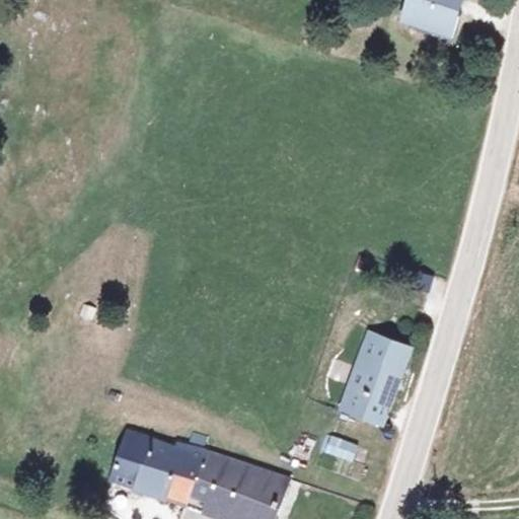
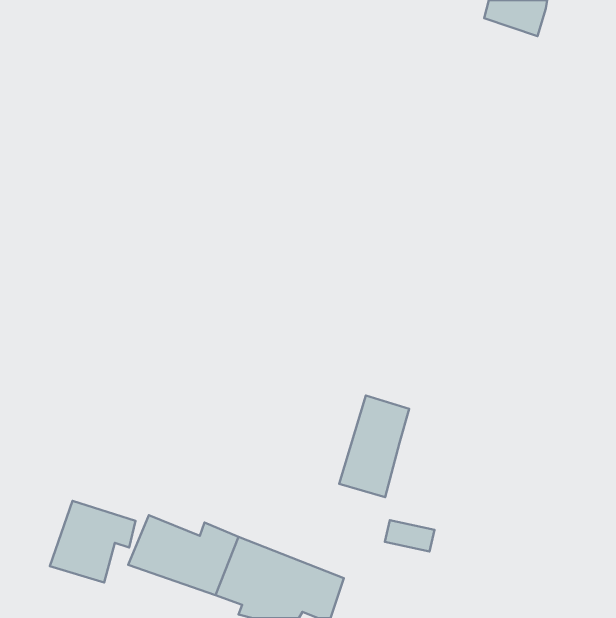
building: [344,336,402,421] -> [339,396,409,497]
building: none -> [50,501,136,583]

